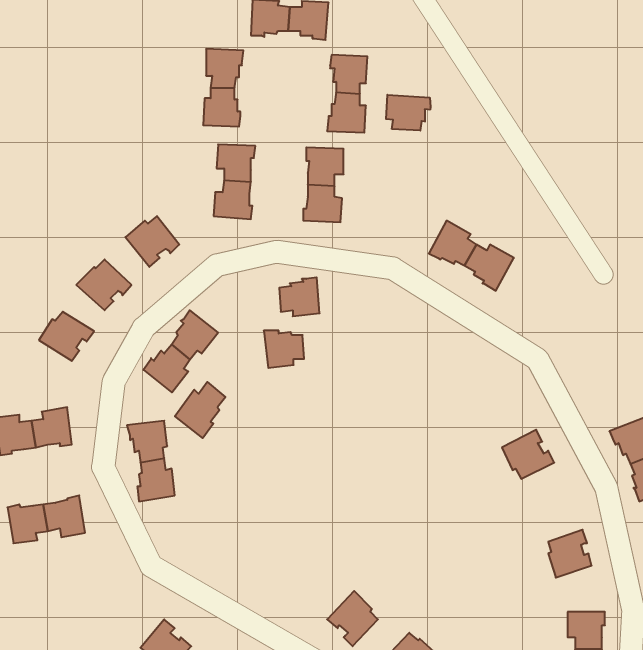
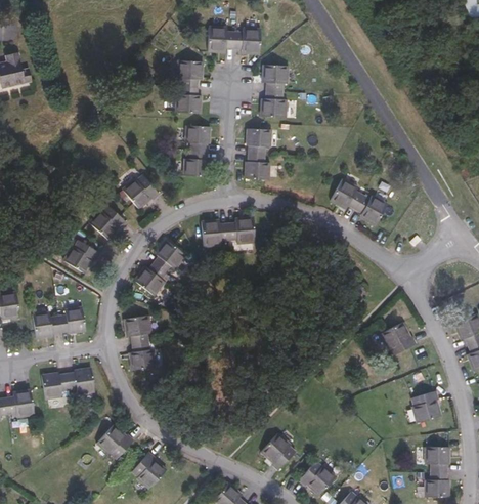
building: [386,95,430,131] -> none
building: [264,331,304,368] -> [201,221,228,247]
building: [175,382,225,438] -> none
building: none -> [96,424,133,459]

